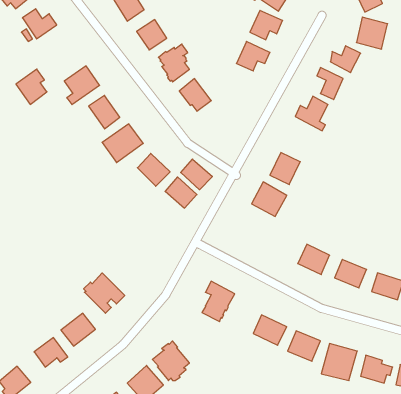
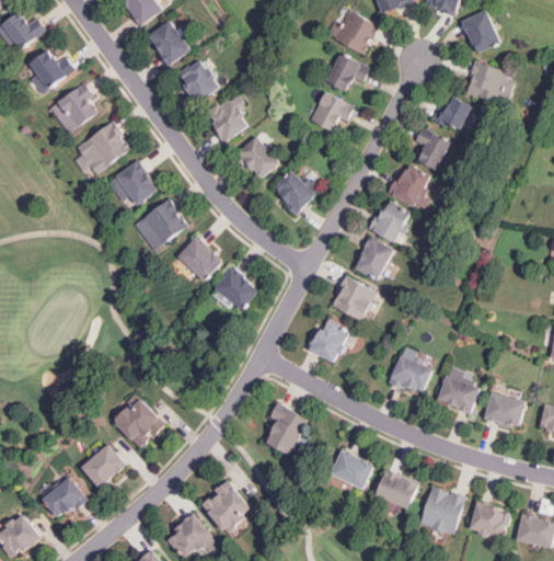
building: [16,69,47,104] -> [57,82,97,128]
building: none -> [274,172,321,217]
building: none -> [366,201,411,241]
building: [181,159,212,190] -> none
building: none -> [308,321,349,364]

